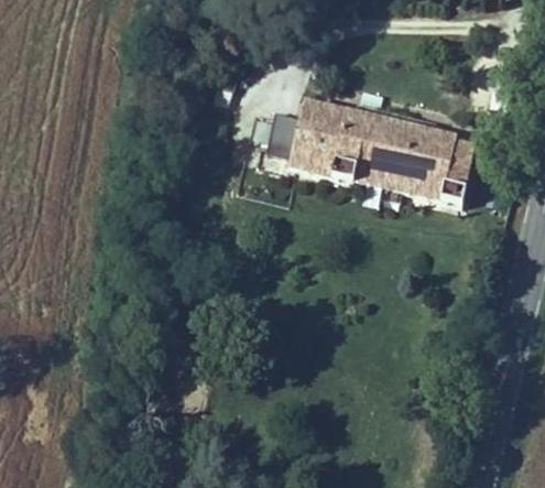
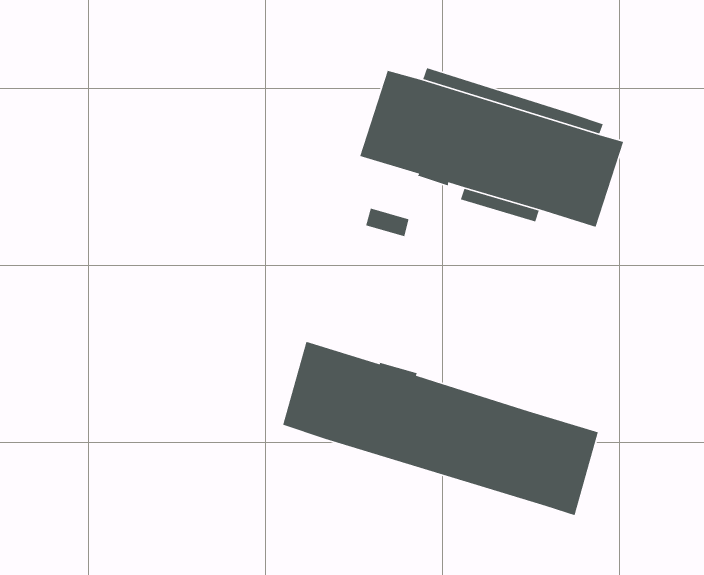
building: none -> [282,341,599,516]

